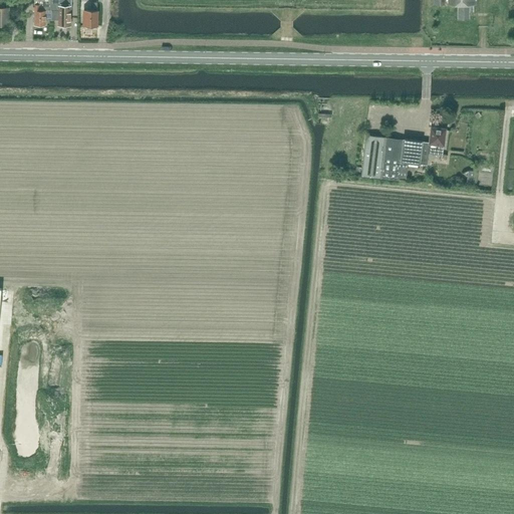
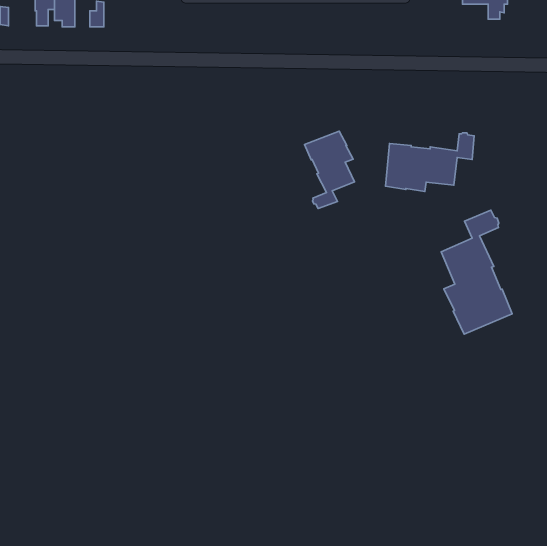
building: none -> [304,131,355,209]
building: none -> [441,210,512,334]

